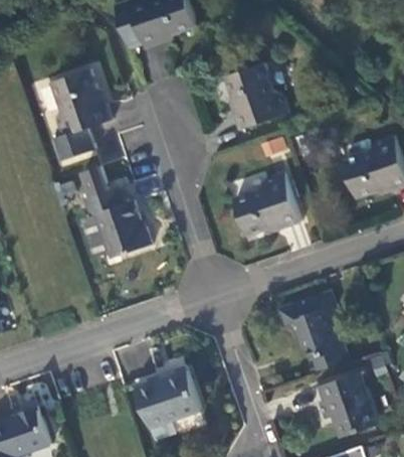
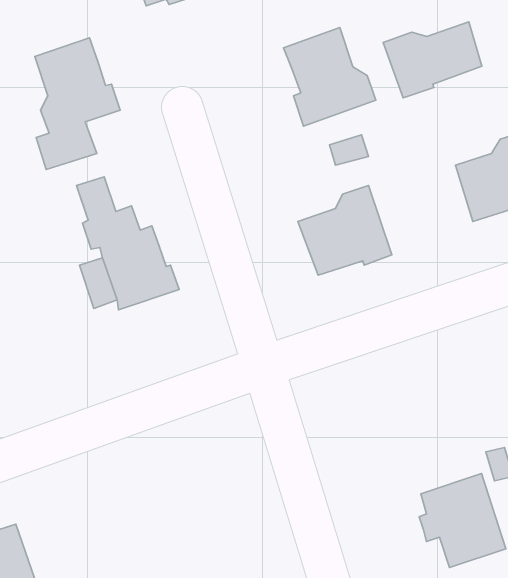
building: none -> [383,22,482,98]
building: [290,291,348,369] -> none
building: [136,369,200,427] -> none

